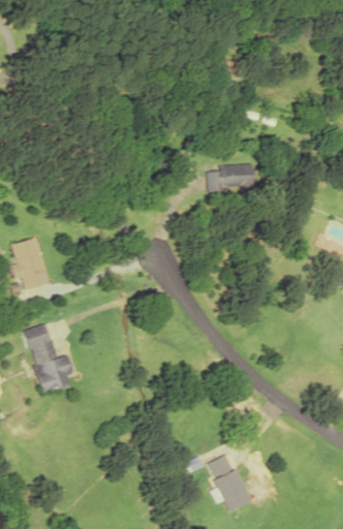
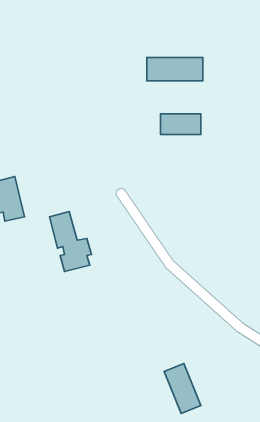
building: none -> [147,58,203,81]
building: [25,324,73,394] -> [49,212,91,271]

